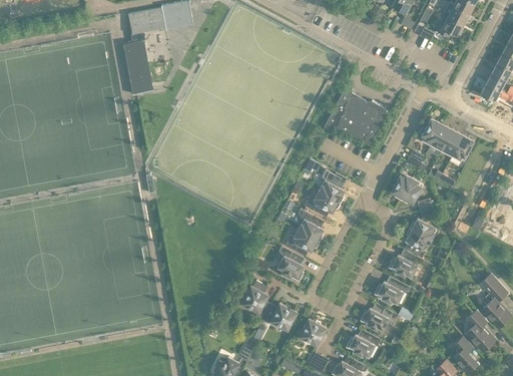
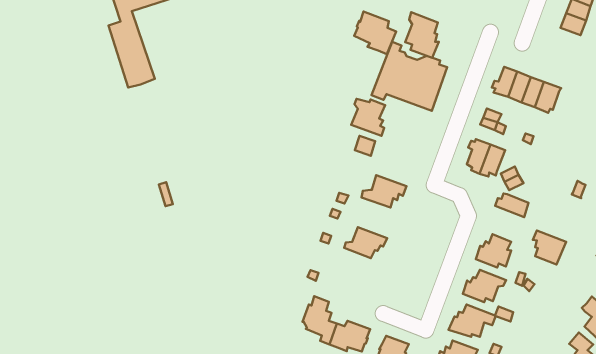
building: none -> [354,11,396,54]
building: none -> [405,12,439,58]
building: [318,170,347,203] -> [351,99,385,136]
building: [298,209,324,242] -> none
building: [405,228,431,257] -> [533,231,566,265]
building: [278,246,304,281] -> none

